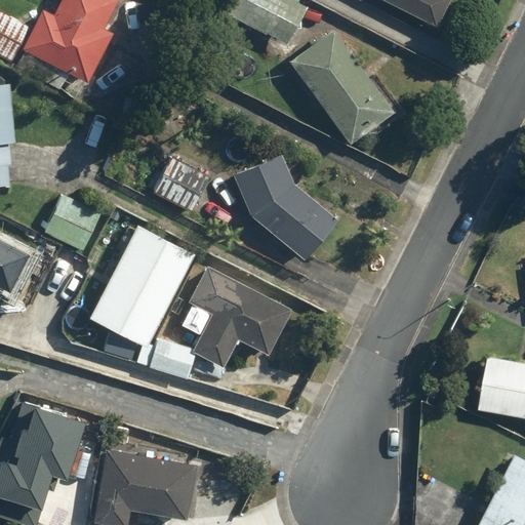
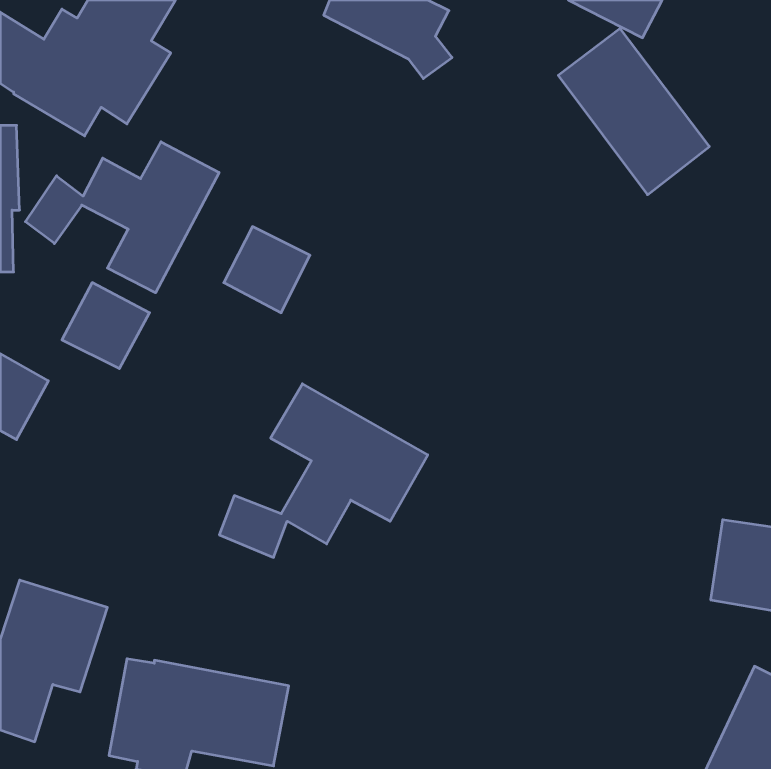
building: [290,32,393,145] -> [558,29,709,195]
building: none -> [25,142,219,293]
building: [233,154,336,260] -> none
building: [90,226,195,348] -> none

